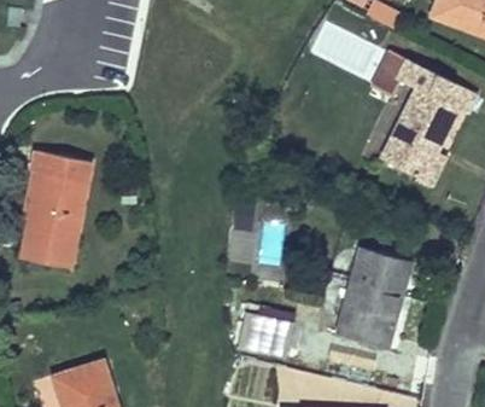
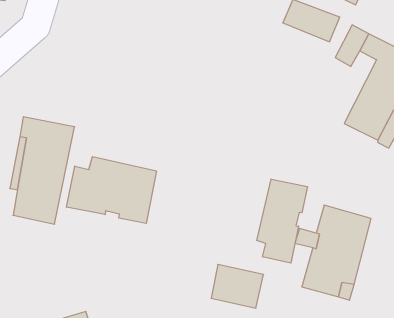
building: none -> [67,157,156,223]
building: none -> [257,179,307,263]

